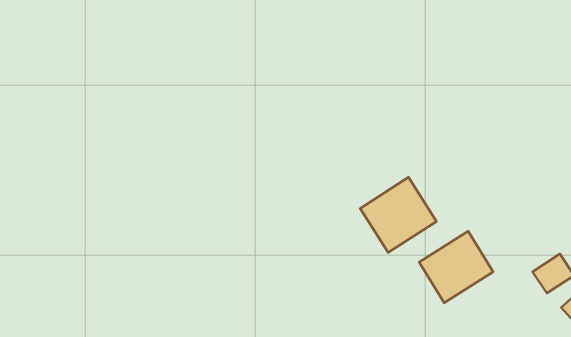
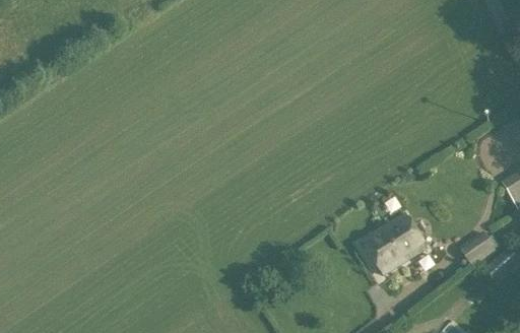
building: [360,177,437,253] -> none

